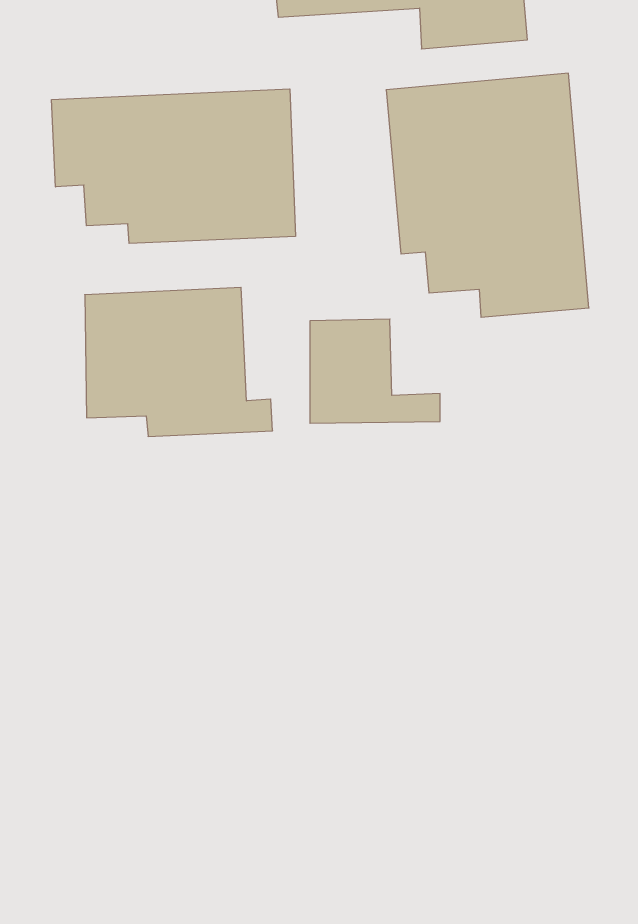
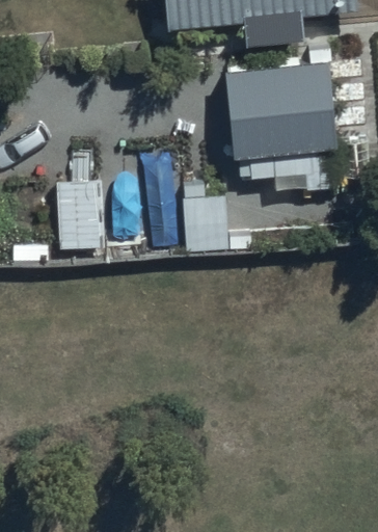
building: [52,89,295,243] -> none

